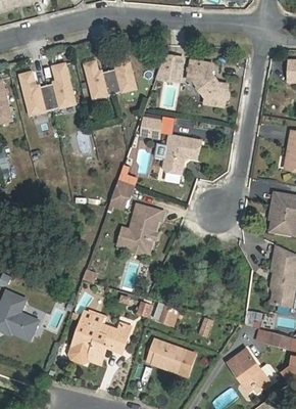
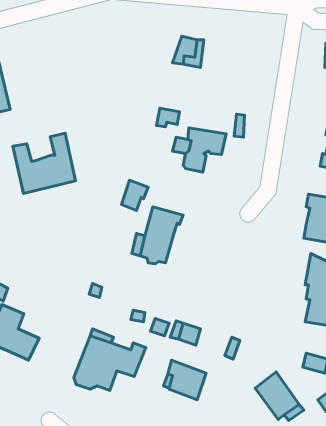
building: [83,51,134,97] -> none
building: [19,59,75,112] -> [13,133,76,194]
building: [188,59,229,105] -> none

